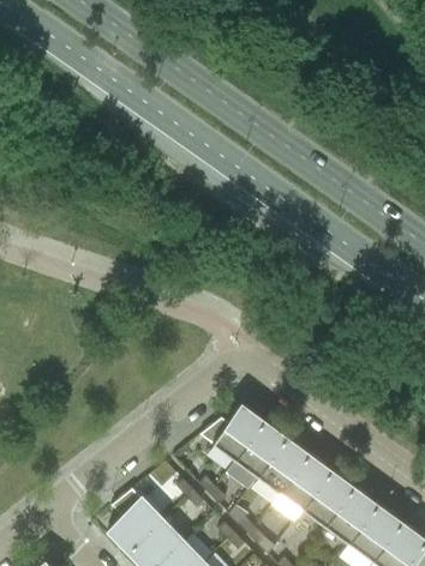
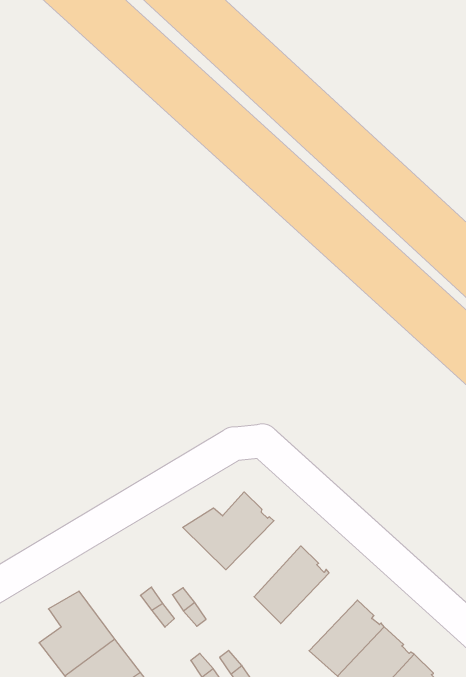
building: [238,422,289,478] -> none
building: [282,454,335,512] -> none

